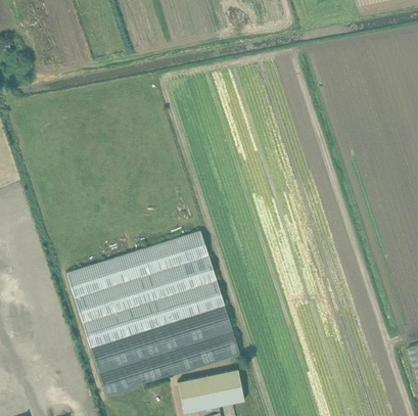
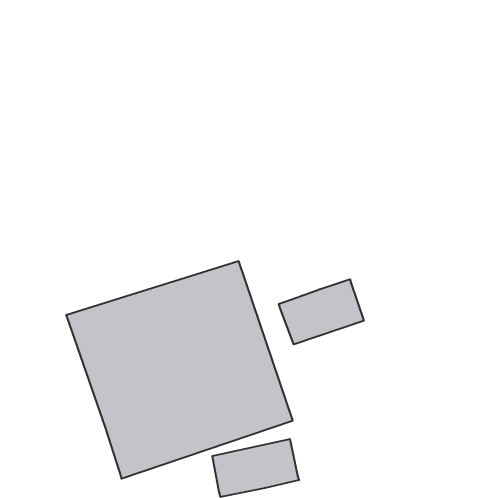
building: none -> [279,279,364,344]

